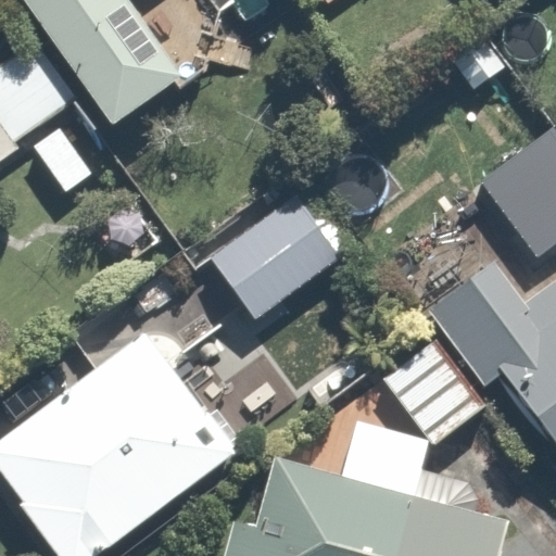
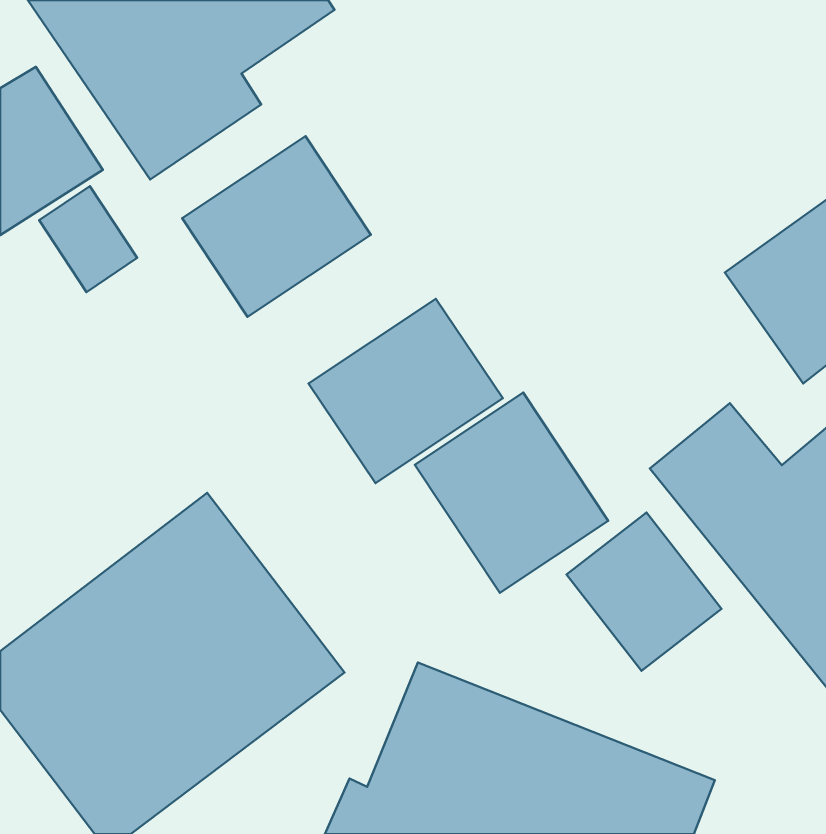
building: none -> [182,136,371,317]
building: none -> [415,392,608,593]

